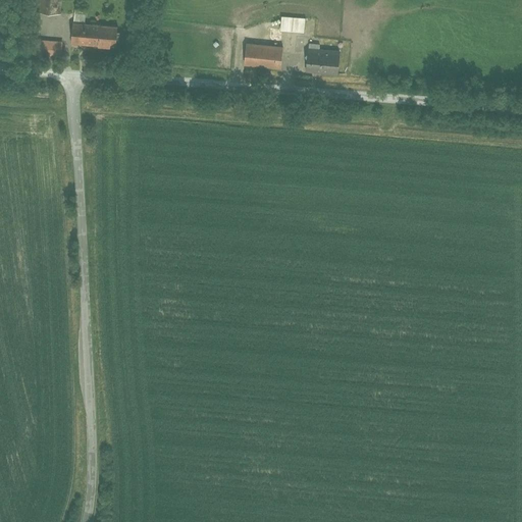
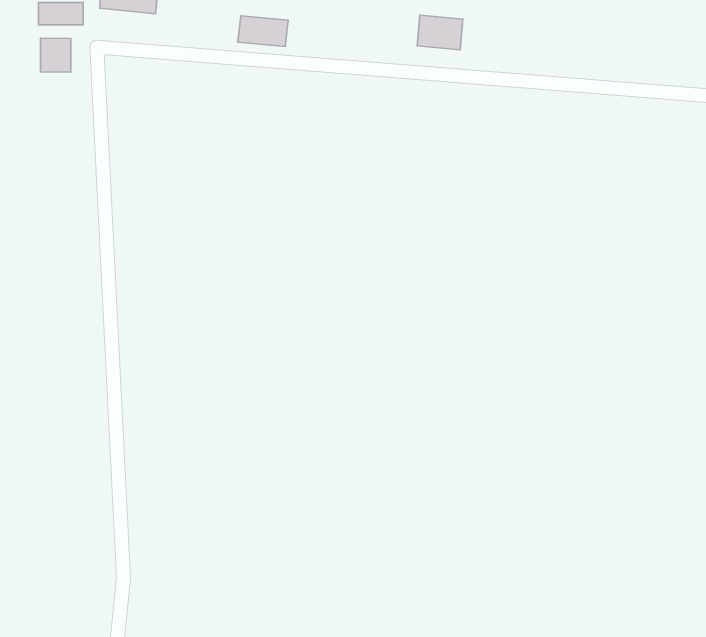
building: [244,45,280,67] -> [238,16,288,46]
building: none -> [41,38,71,72]

